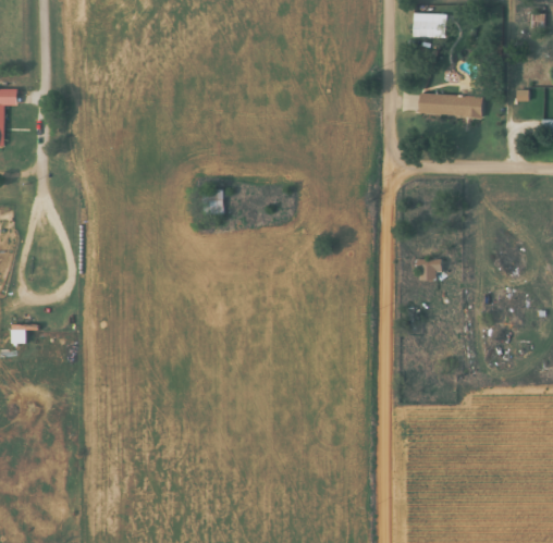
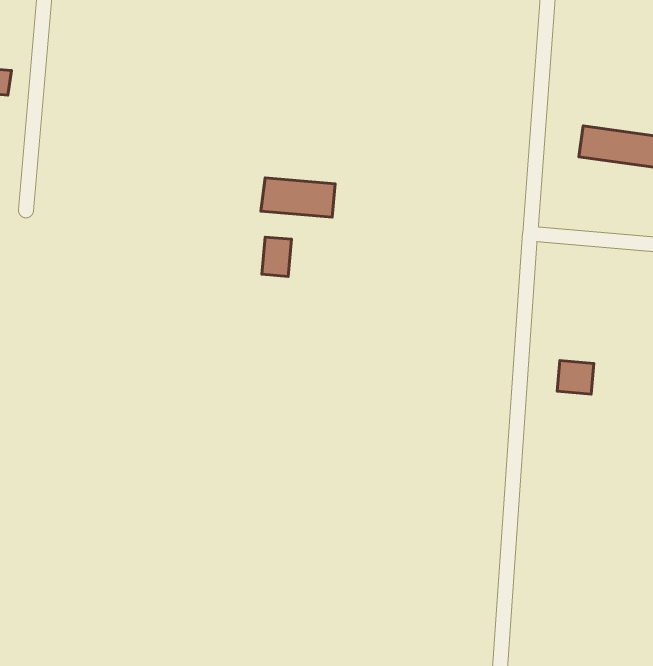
building: [413,21,440,37] -> none
building: none -> [261,178,335,217]

